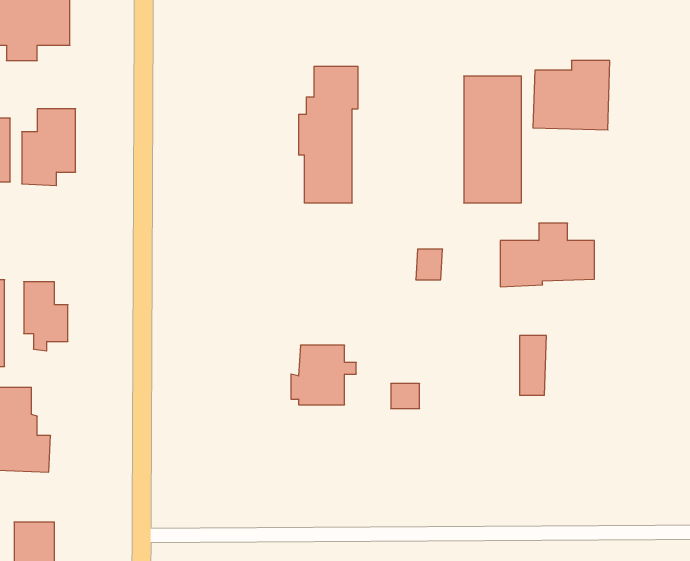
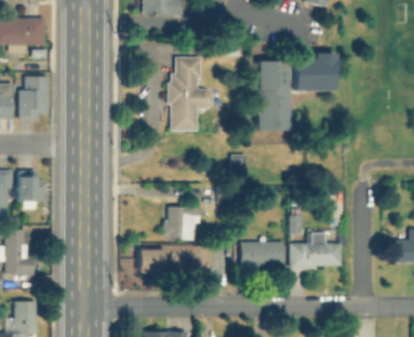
building: [500,223,594,287] -> [291,234,342,268]
building: none -> [241,241,285,266]
building: none -> [140,245,211,272]

